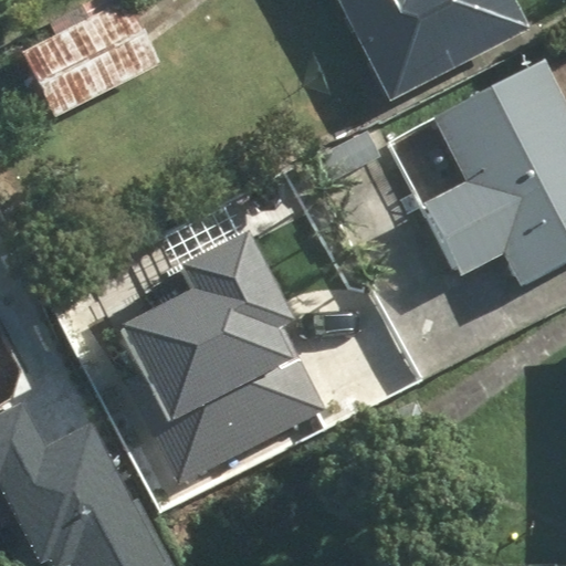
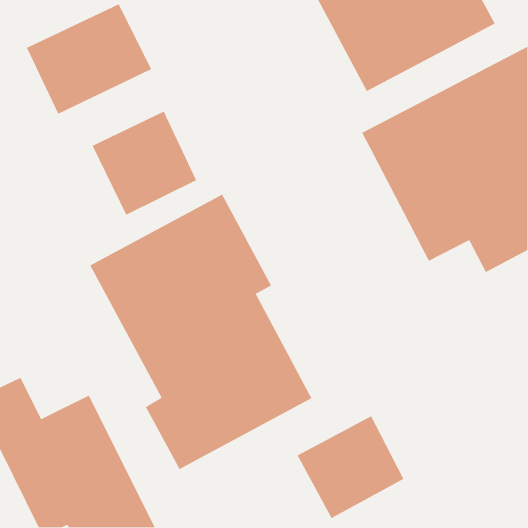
building: none -> [92,110,197,216]
building: none -> [297,415,405,519]

